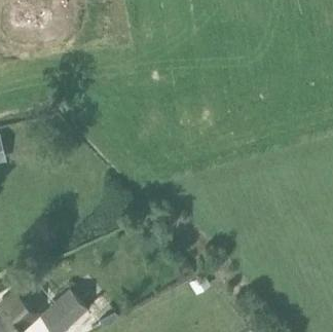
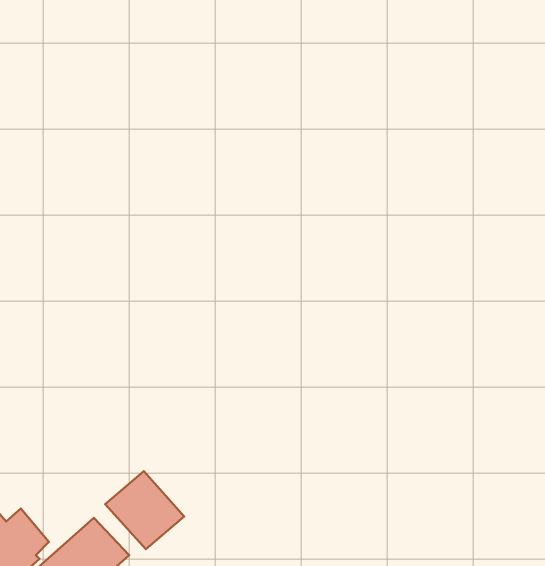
building: none -> [105,471,184,549]

